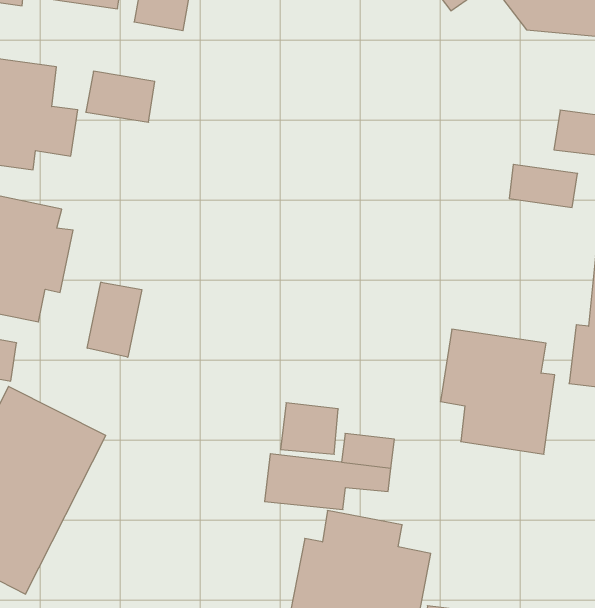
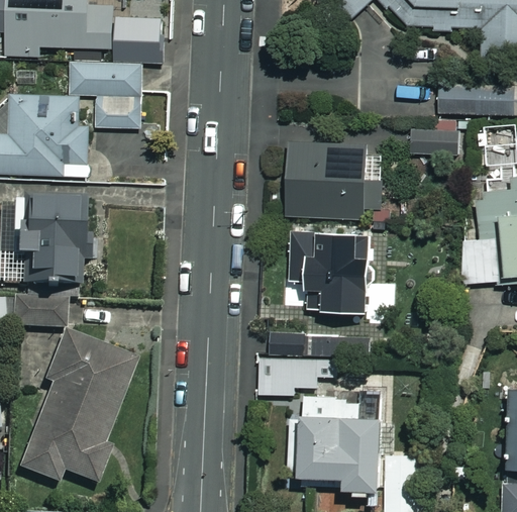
building: none -> [70,61,143,95]
building: none -> [287,142,368,217]
building: [87,282,142,357] -> none
building: [440,329,555,454] -> [289,229,370,312]

